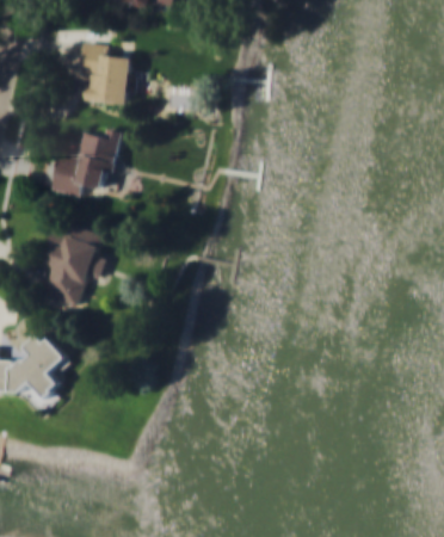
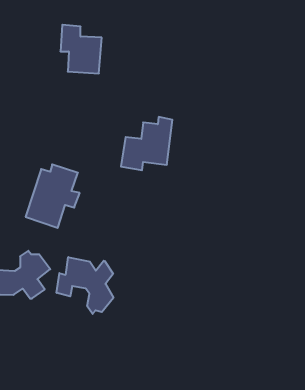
building: [51,126,118,196] -> [121,117,172,170]
building: none -> [57,257,113,314]

